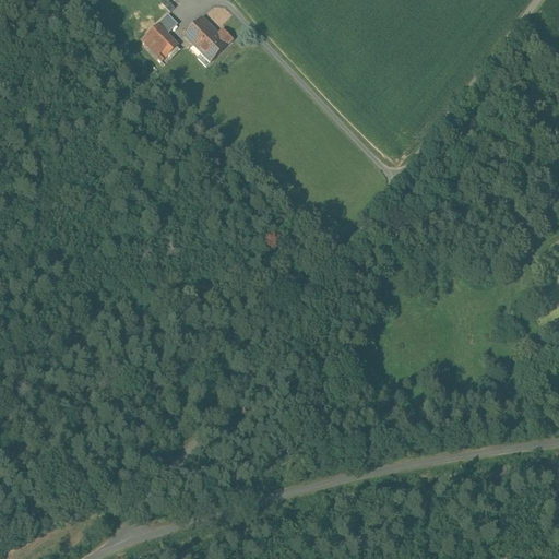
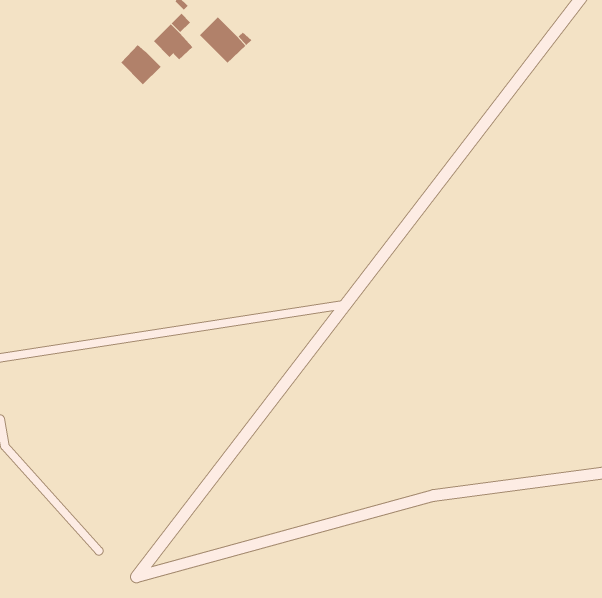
building: none -> [120,44,161,85]

